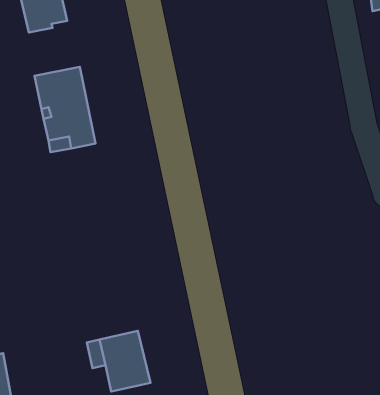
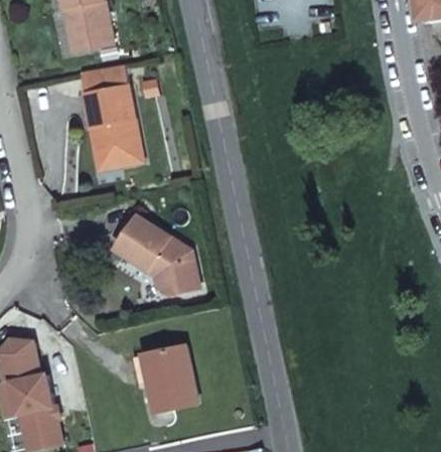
building: none -> [77,59,127,90]
building: none -> [115,218,196,297]

